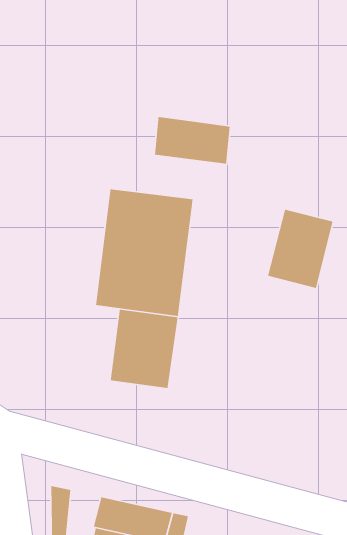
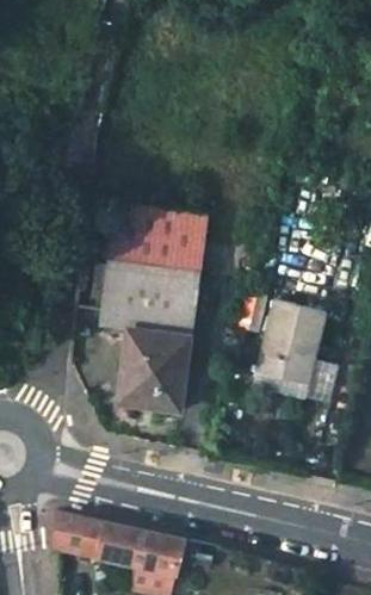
building: [154,116,230,164] -> none
building: [267,209,334,289] -> [258,302,327,385]

